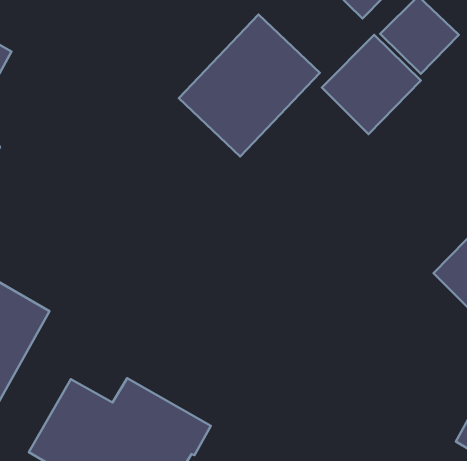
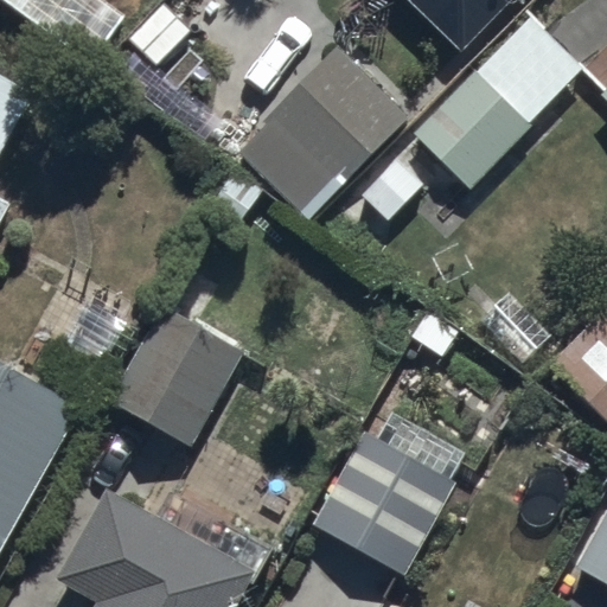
building: none -> [101,261,242,447]
building: none -> [312,430,458,576]

